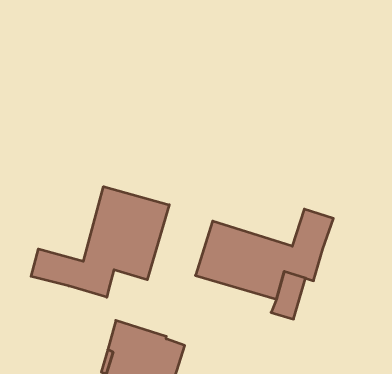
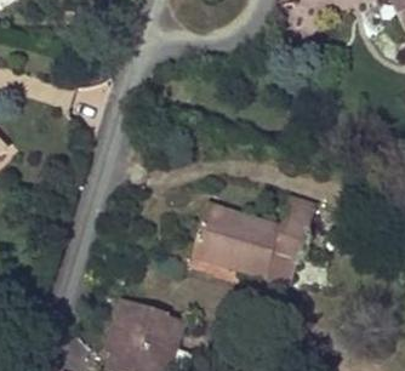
building: [31,187,169,297] -> none

